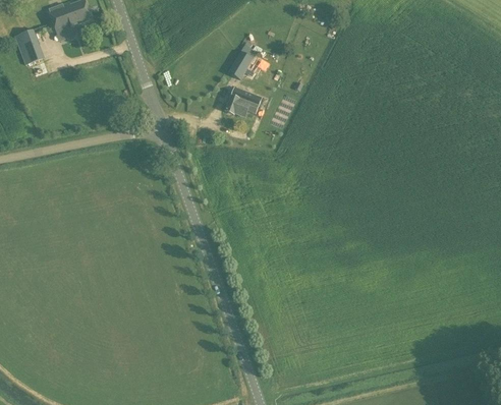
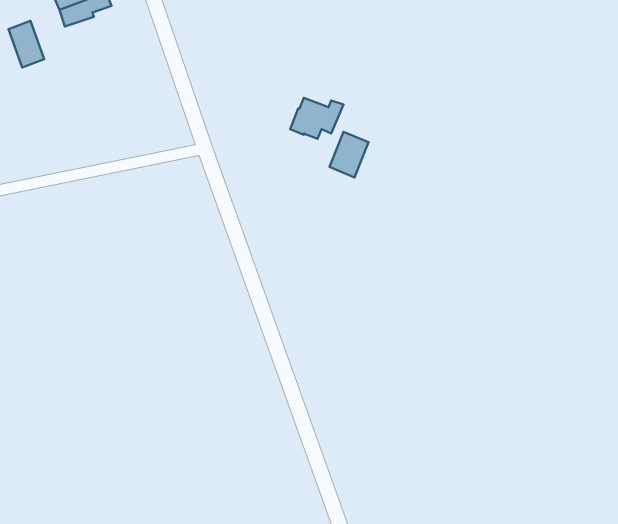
building: [228,45,259,80] -> none
building: none -> [329,132,369,177]

